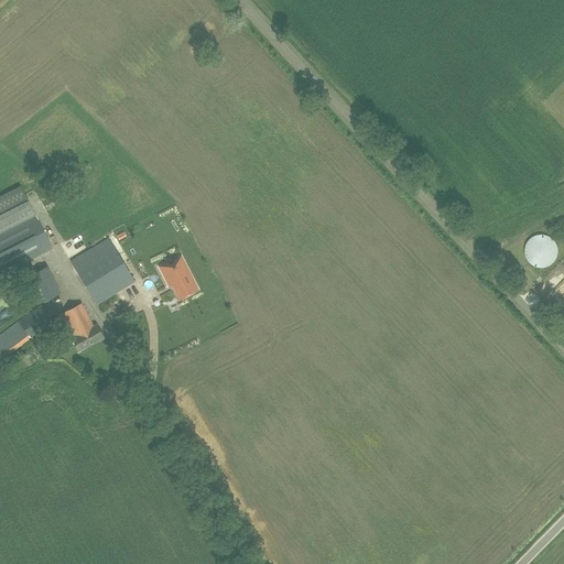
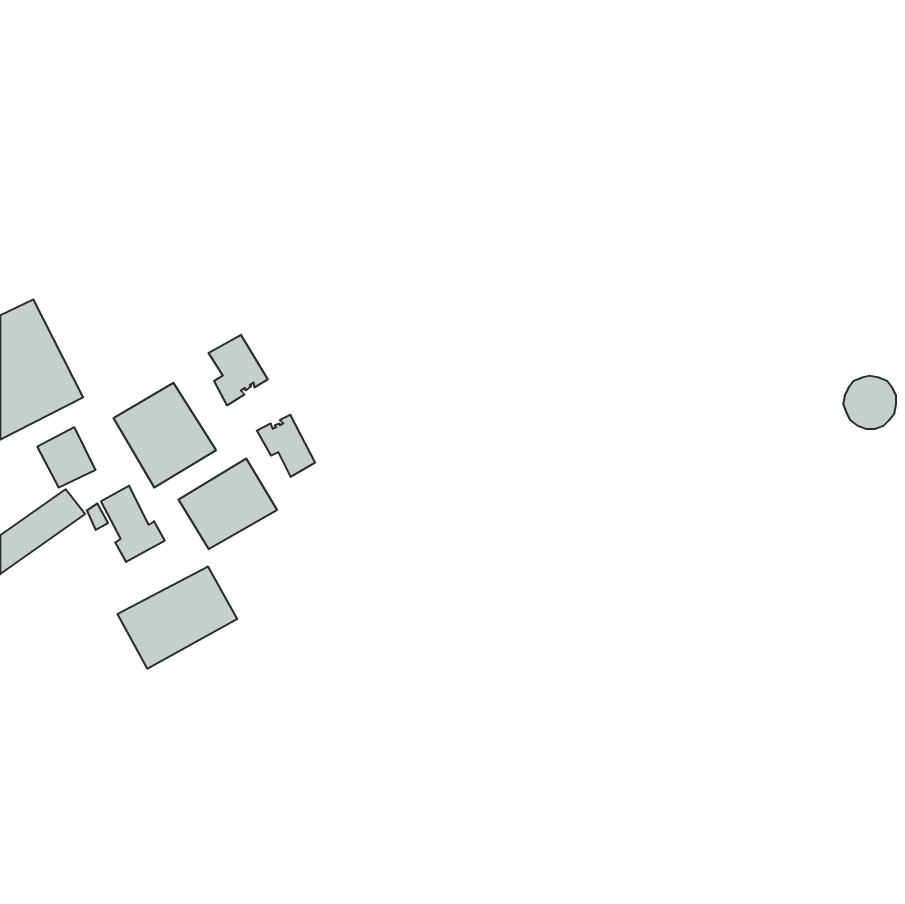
building: none -> [209,335,268,405]
building: none -> [178,458,277,549]
building: none -> [117,566,237,669]

